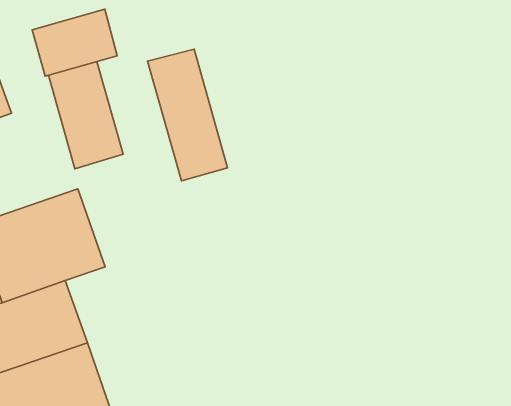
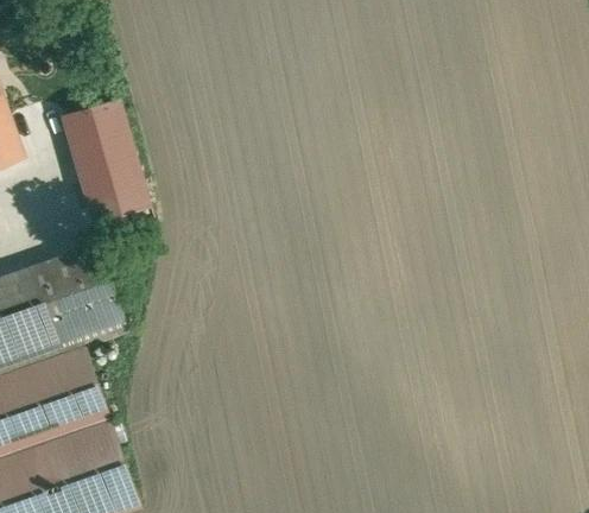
building: [32,9,117,76] -> none
building: [148,49,228,181] -> none

